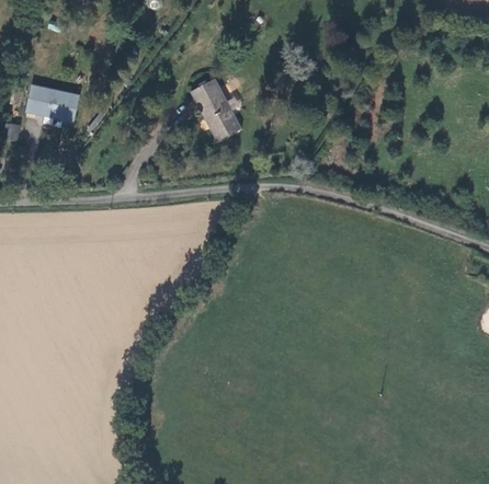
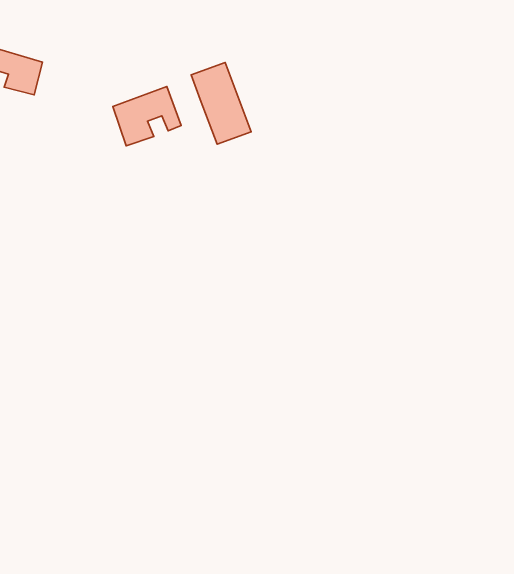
building: none -> [113,86,181,146]

